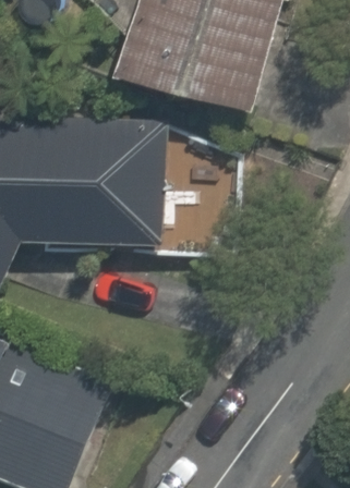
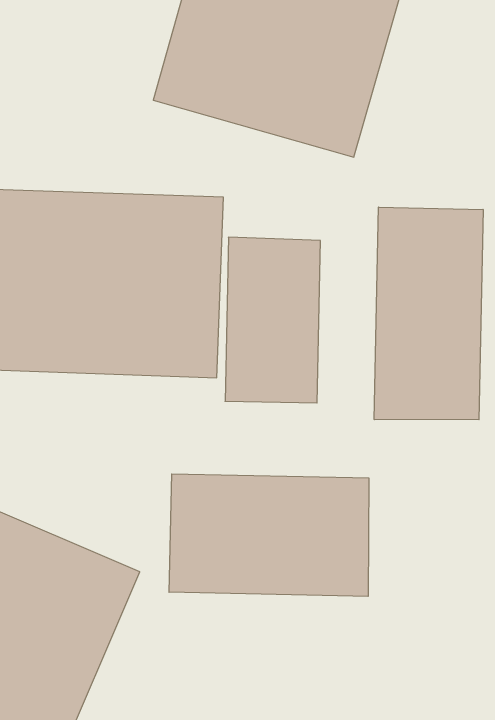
building: none -> [374,207,483,420]
building: none -> [169,474,369,596]

